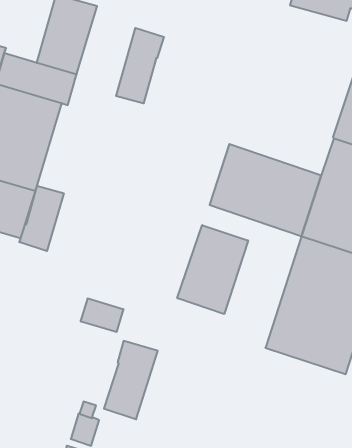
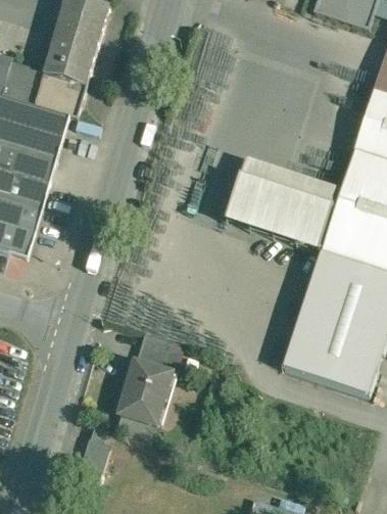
building: [116,28,164,103] -> none
building: [19,186,64,251] -> none
building: [177,225,248,314] -> none
building: [80,299,124,332] -> [139,331,184,366]

